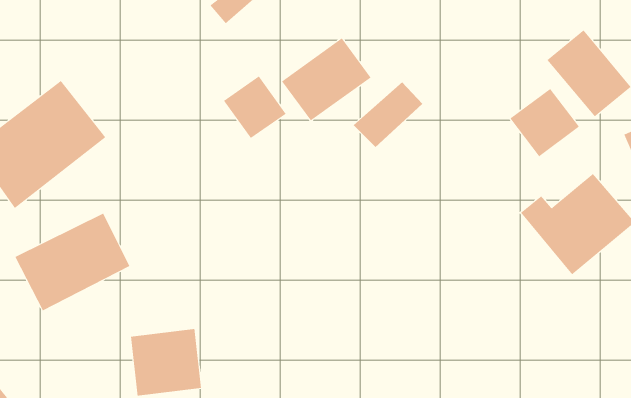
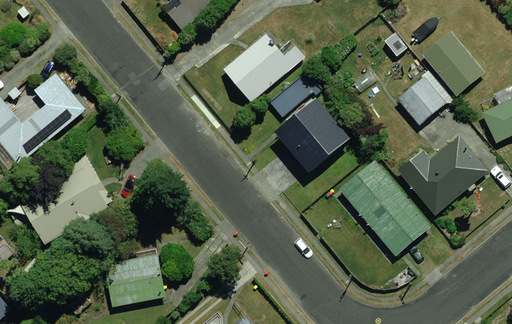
building: [223,76,286,139] -> none
building: none -> [281,97,361,177]
building: none -> [334,159,430,259]

